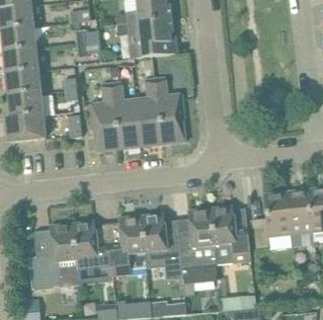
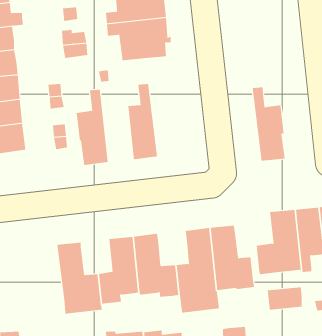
building: [155,76,185,143] -> [252,87,286,161]
building: [111,81,141,148] -> none
building: [28,222,79,289] -> none
building: none -> [267,286,302,310]

